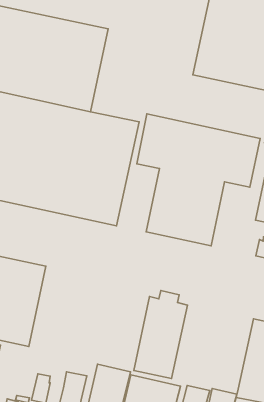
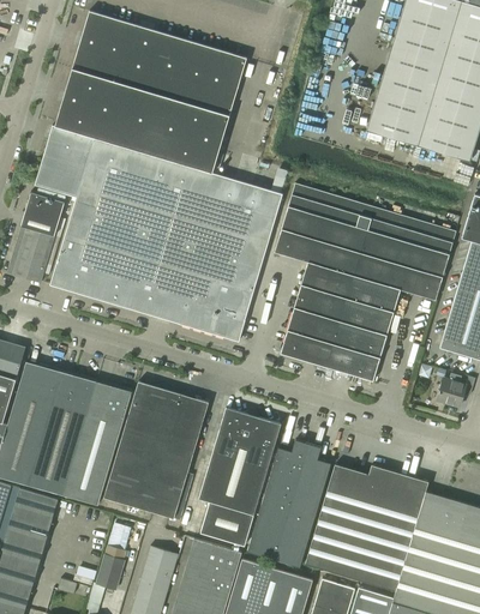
building: none -> [104,383,209,518]
building: none -> [199,408,281,547]
building: none -> [306,465,428,591]

